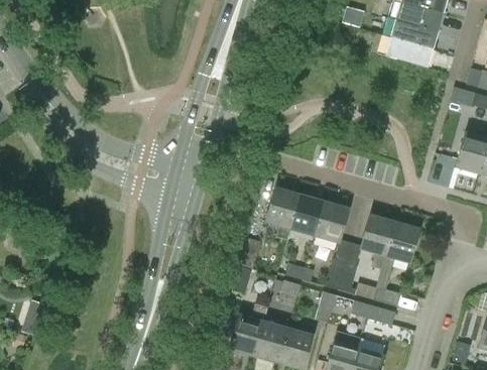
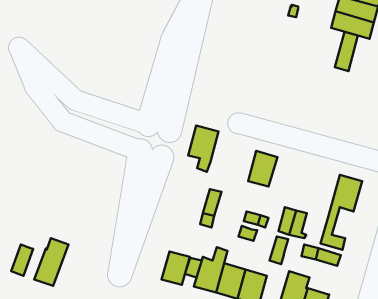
building: none -> [335,32,358,71]
building: [265,188,299,240] -> [188,125,219,172]
building: [314,202,349,243] -> none
building: [360,215,394,268] -> none
building: none -> [34,238,69,286]
building: none -> [162,251,190,285]

